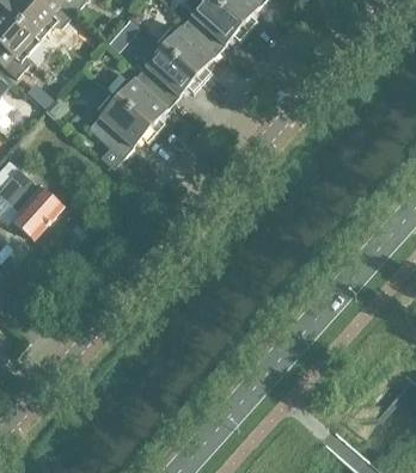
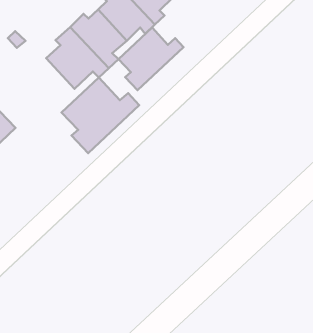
building: none -> [118,28,183,90]
building: none -> [61,77,139,153]

